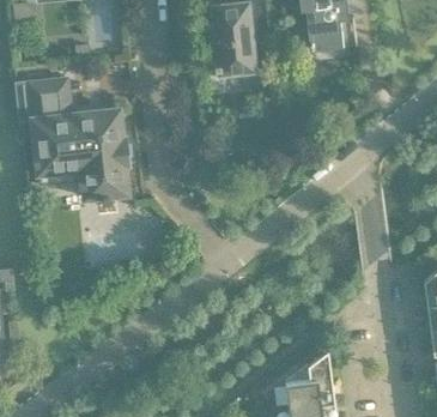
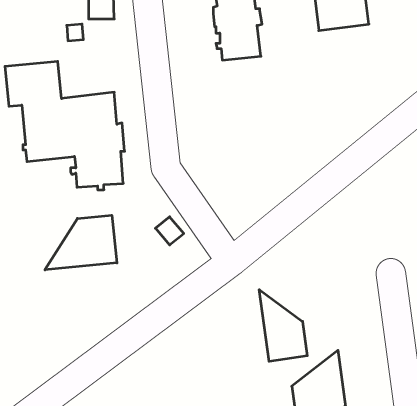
building: none -> [45,215,117,270]
building: none -> [259,290,307,361]

